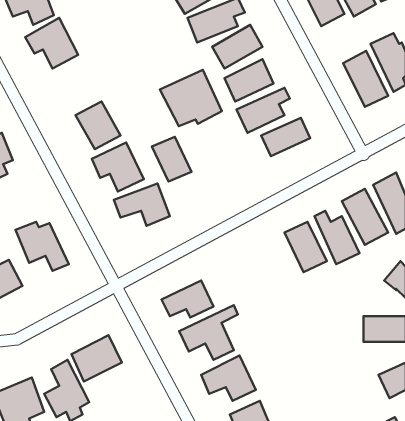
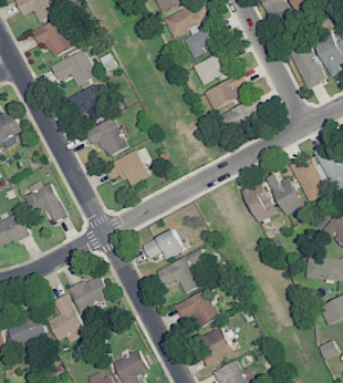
building: none -> [48,49,97,86]
building: [160,70,222,126] -> none
building: [152,137,192,182] -> none

